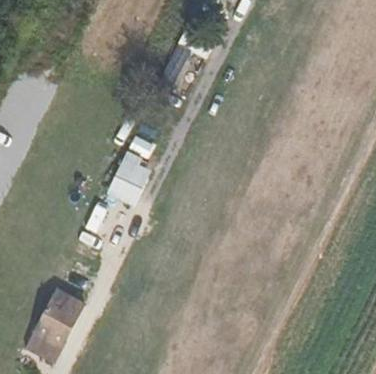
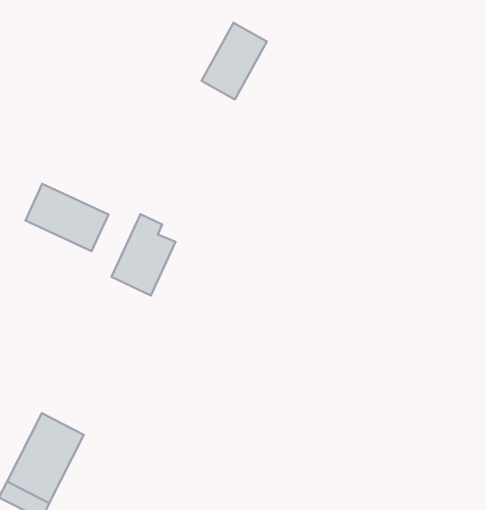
building: none -> [25,184,108,251]

